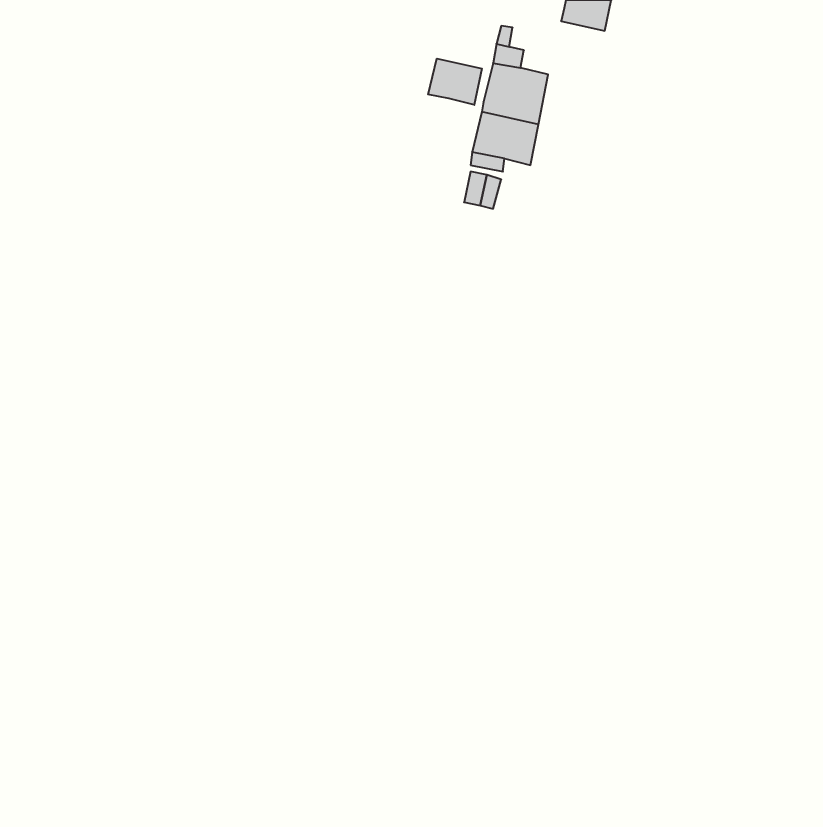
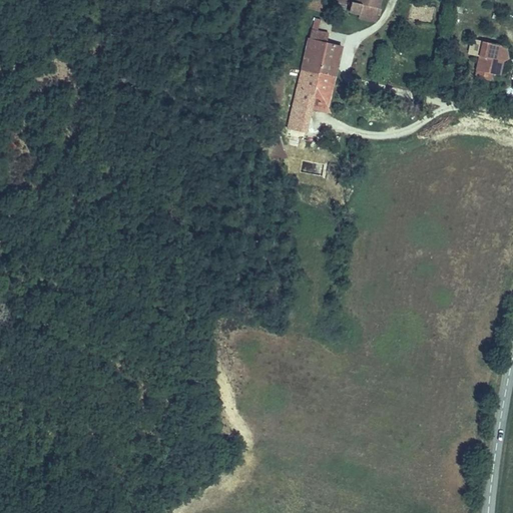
building: [428,59,482,105] -> none
building: none -> [476,43,506,83]

